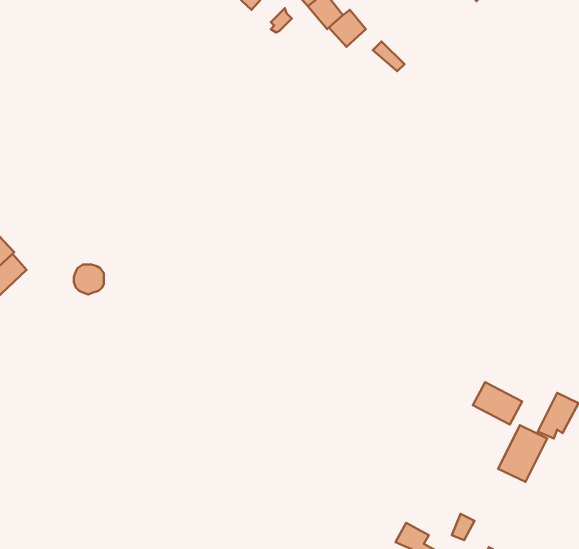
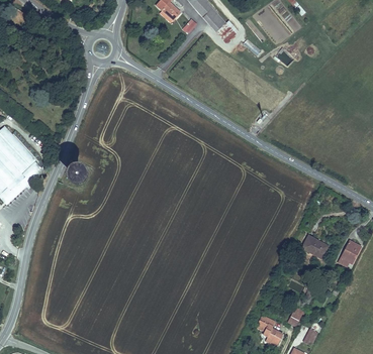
building: [498,425,547,482] -> none

